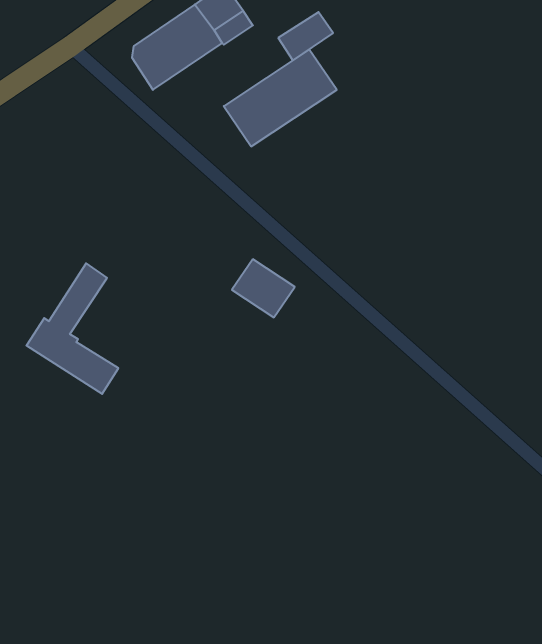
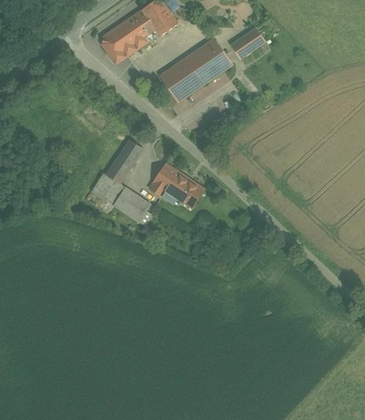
building: [278,12,333,60] -> [230,28,264,59]
building: none -> [148,163,177,196]
building: [26,263,118,394] -> [90,138,148,221]

